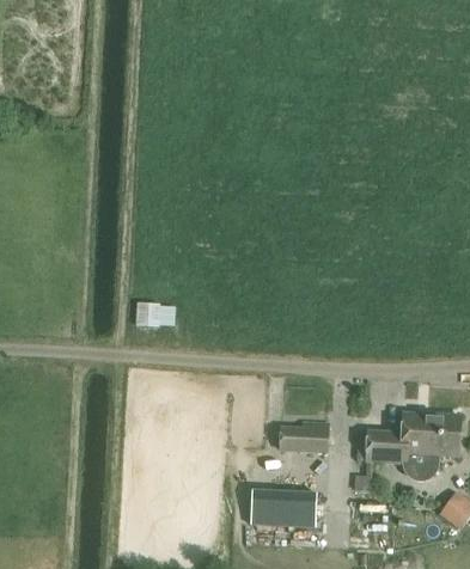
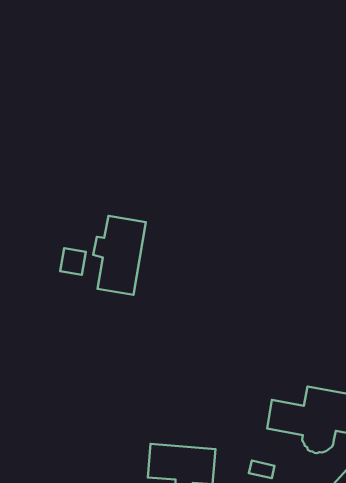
building: none -> [93,216,146,295]
building: [281,422,328,452] -> none

